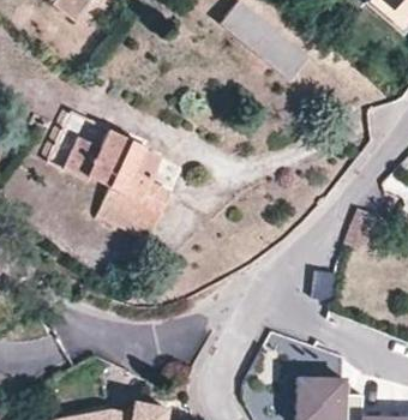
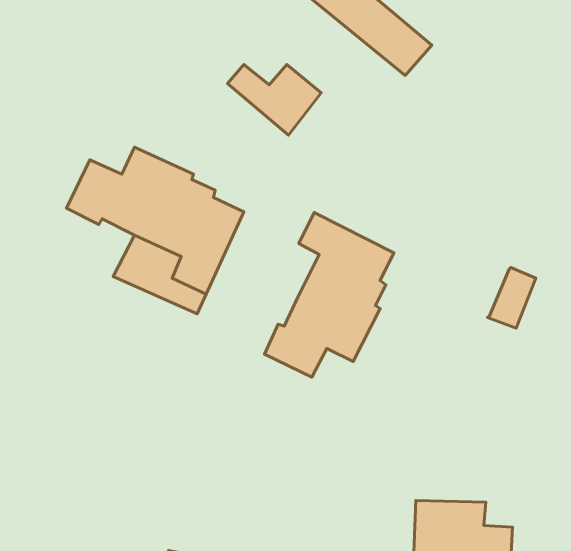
building: none -> [228,64,321,135]
building: none -> [264,213,394,377]

